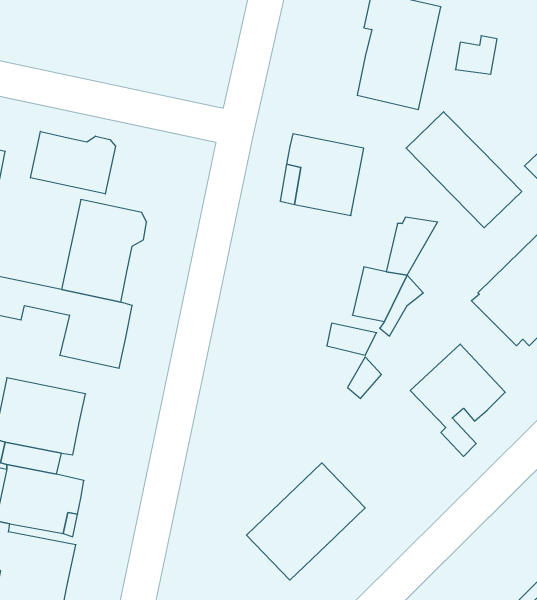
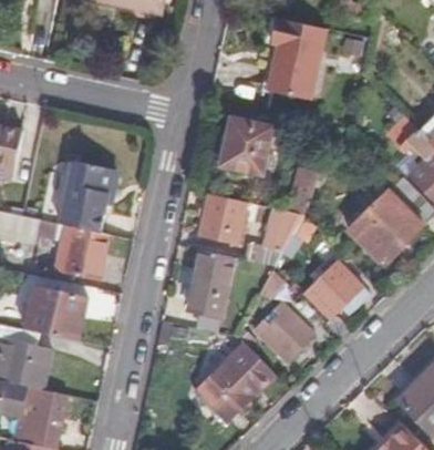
building: [406,112,522,228] -> none
building: [31,131,116,194] -> none
building: none -> [197,195,242,243]
building: none -> [186,250,232,318]
building: none -> [255,310,312,362]

